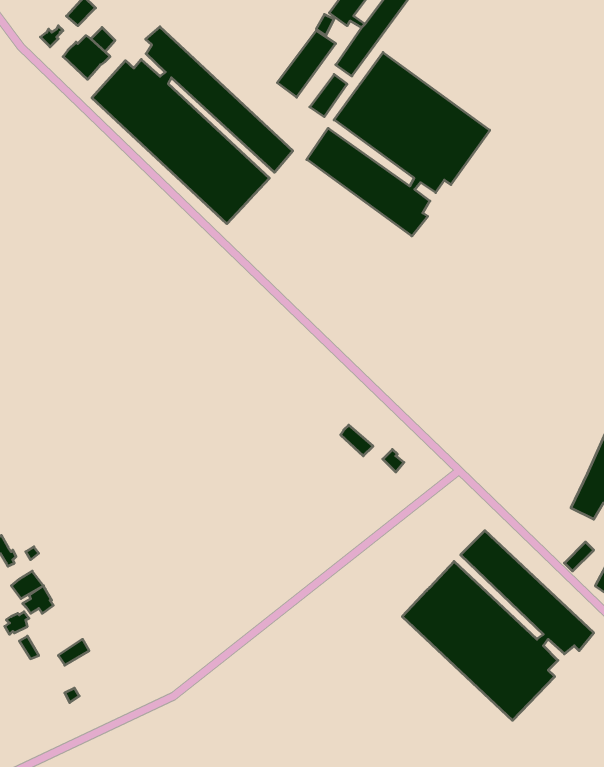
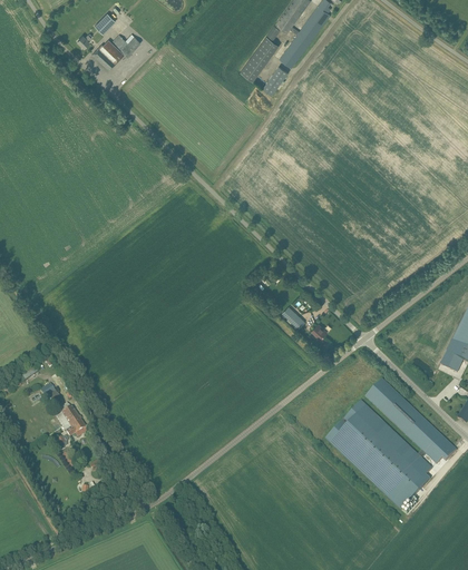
building: [92,27,293,224] -> none
building: [307,52,490,236] -> none

